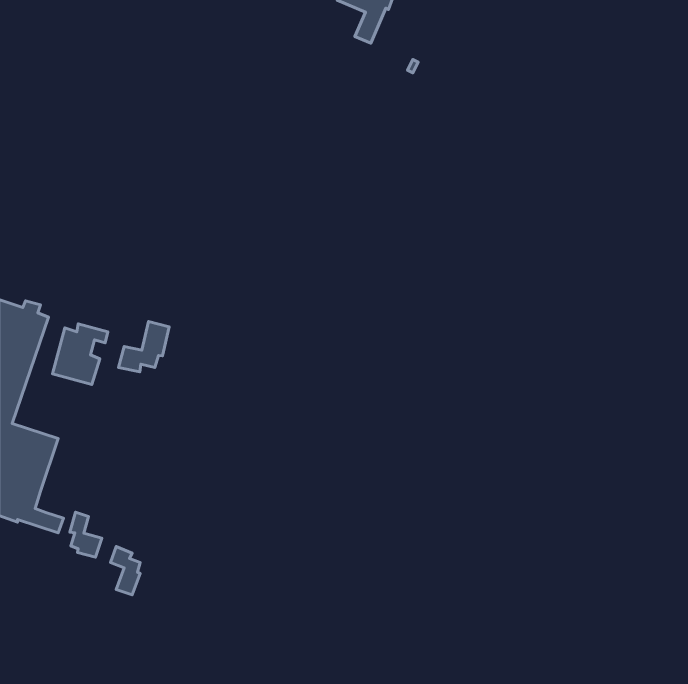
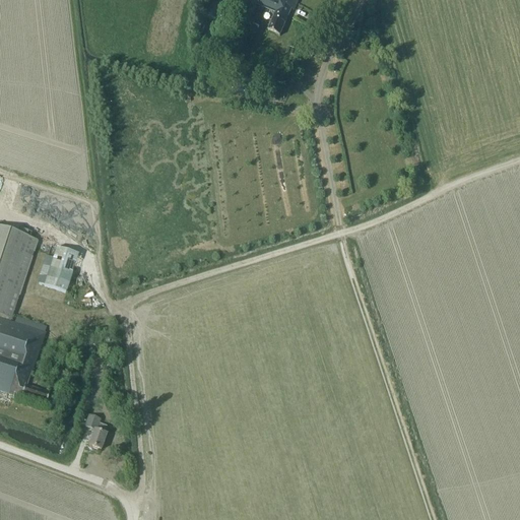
building: [118,321,169,372] -> none
building: [70,512,102,557] -> none

